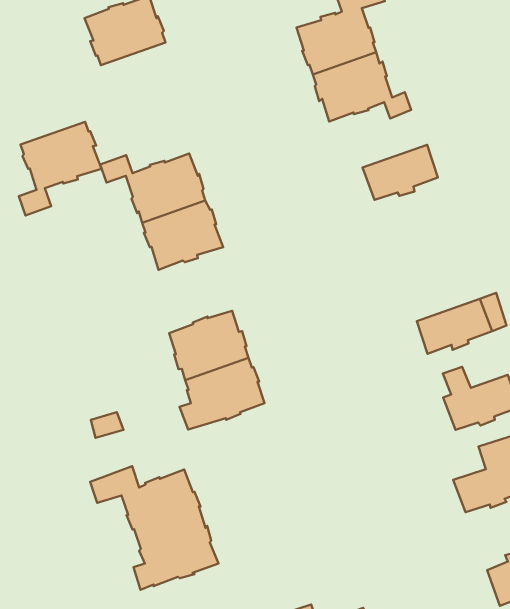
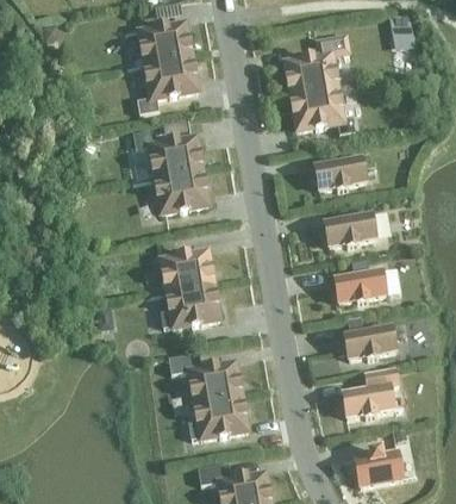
building: [19,122,102,216] -> [136,56,196,114]
building: none -> [323,211,389,247]
building: [90,466,218,590] -> [167,353,246,440]

